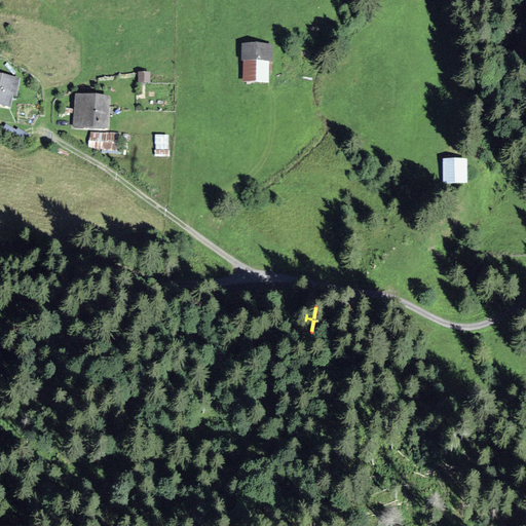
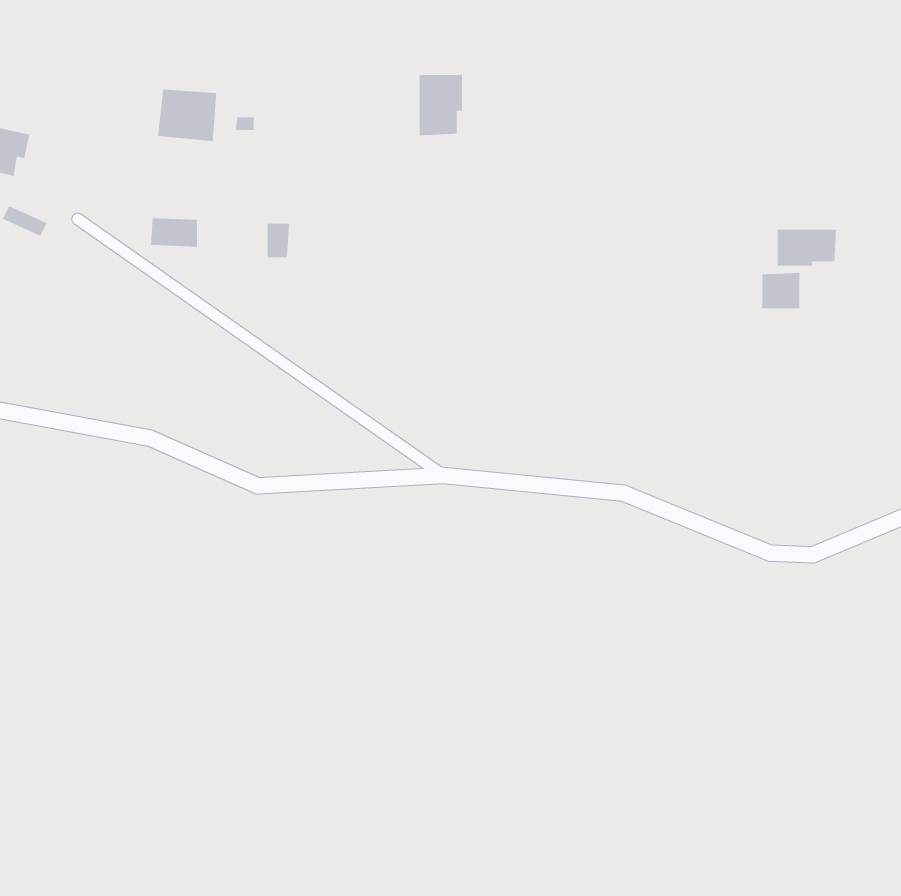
building: [73,95,108,125] -> [157,89,217,142]
building: none -> [777,229,837,267]

